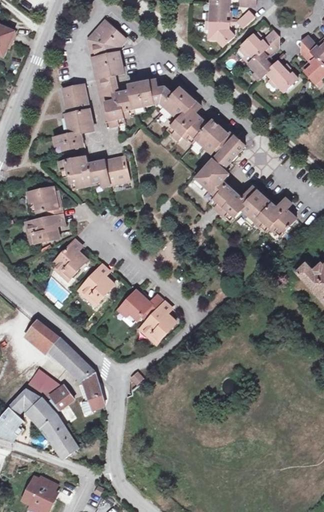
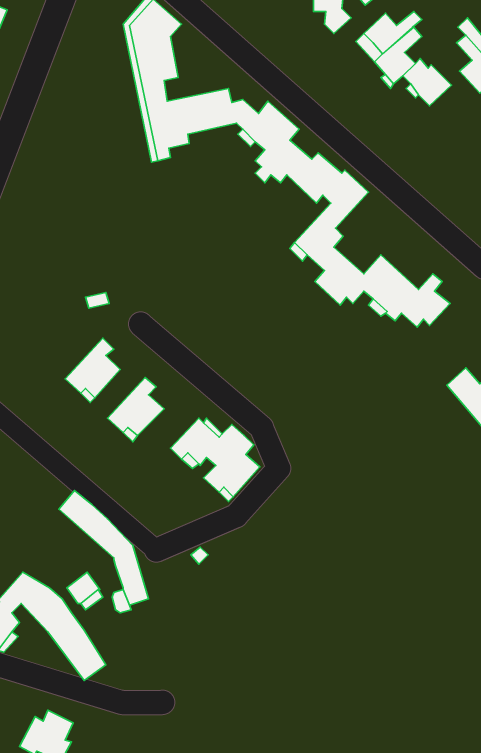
building: [54,84,93,150] -> none
building: [59,156,128,187] -> none
building: [26,187,63,242] -> none
building: [27,320,57,348] -> none
building: [26,368,59,399] -> none

